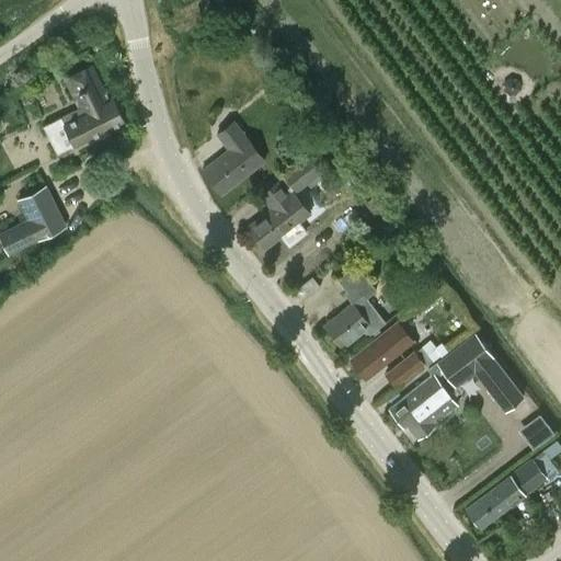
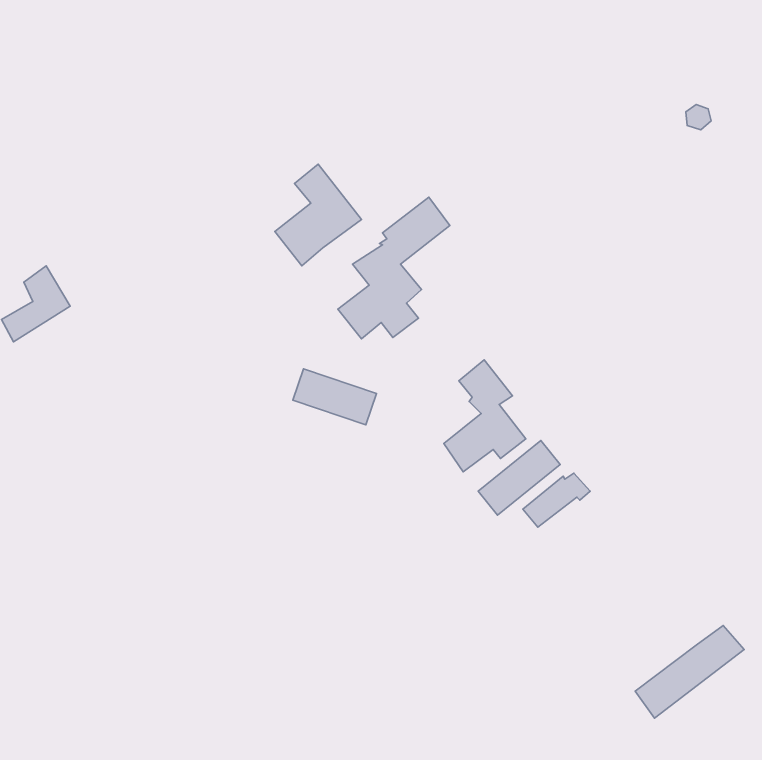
building: [43,67,126,157] -> none
building: none -> [293,369,376,425]
building: [392,336,523,438] -> none
building: [517,412,553,449] -> none

